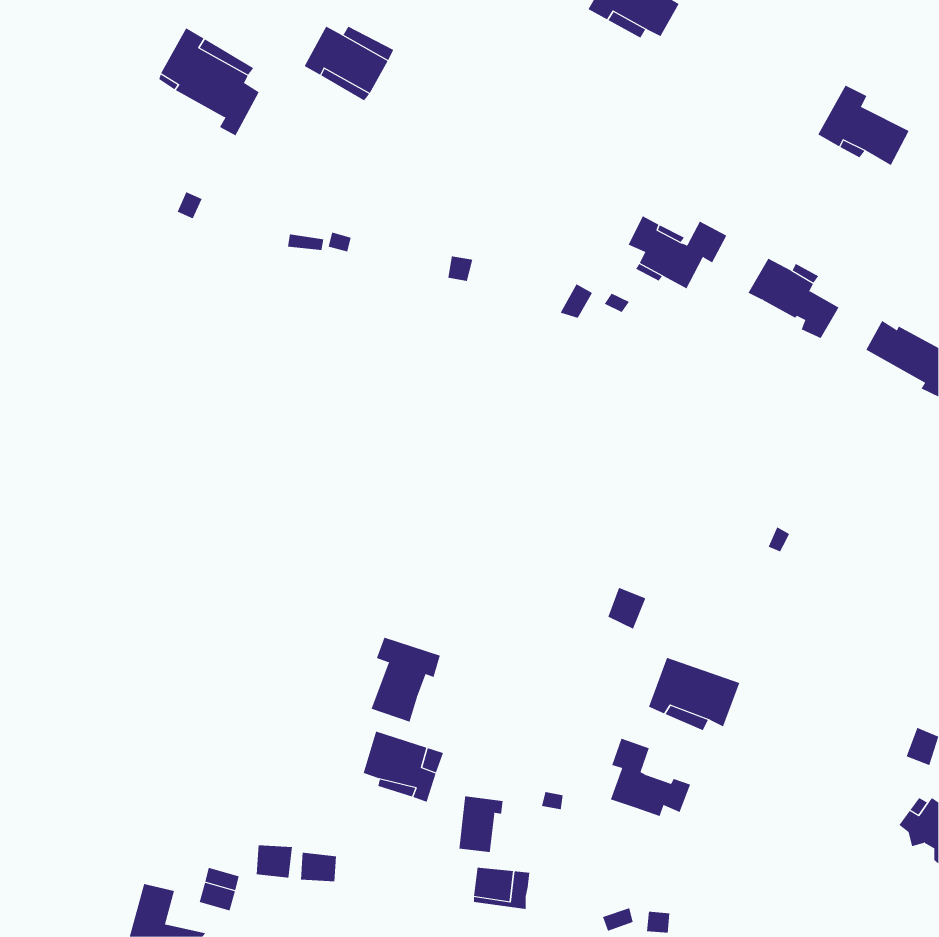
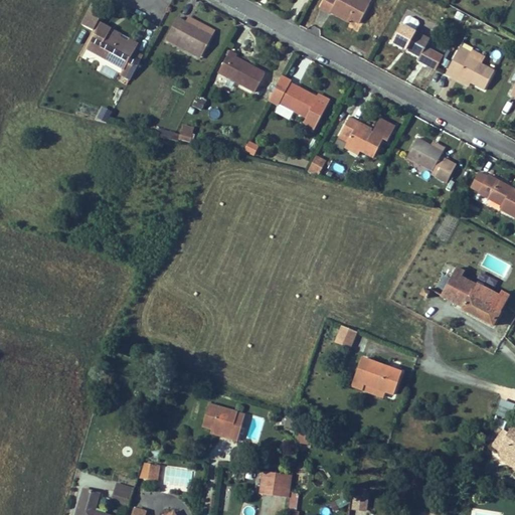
building: none -> [394,26,435,65]
building: none -> [218,48,266,90]
building: none -> [271,75,328,130]
building: none -> [440,271,507,327]
building: [371,637,441,723] -> none
building: [610,738,691,817] -> none
building: [459,796,503,853] -> none

